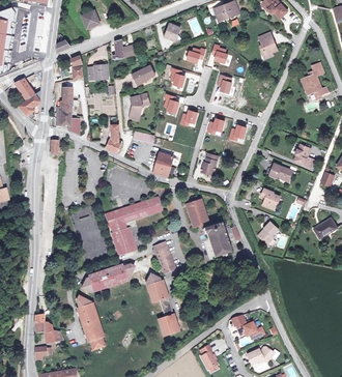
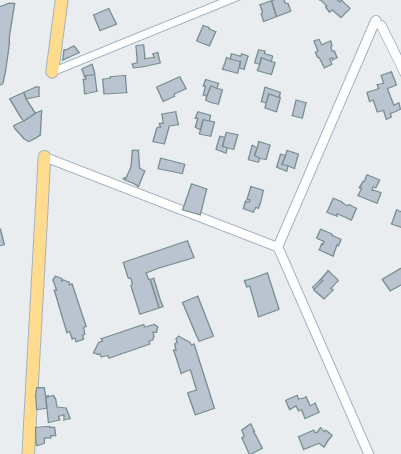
building: [59,96,80,135] -> none
building: [184,199,207,228] -> none
building: [76,296,103,349] -> [53,276,86,342]

